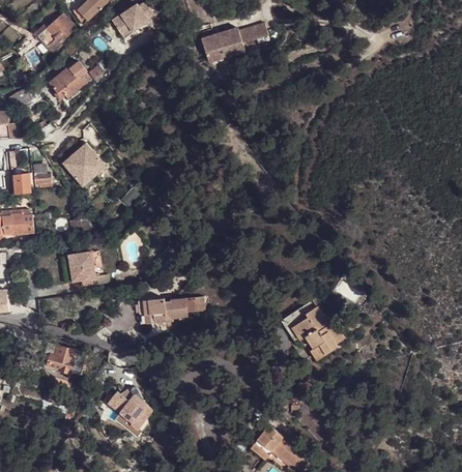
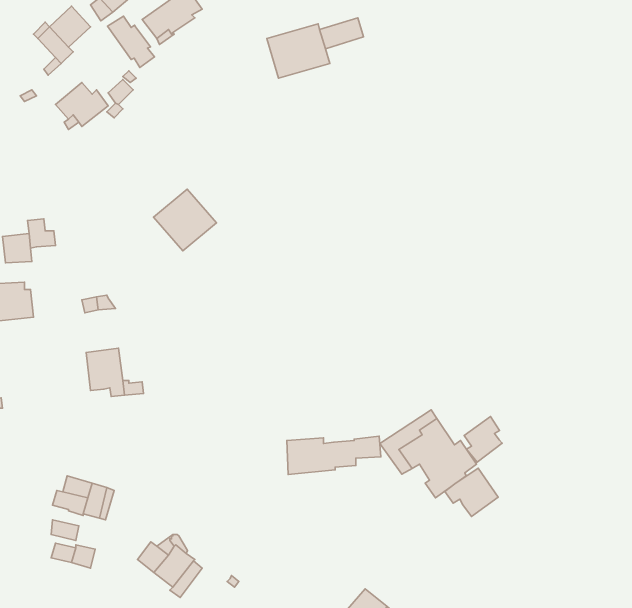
building: none -> [108,16,155,67]
building: [60,144,105,187] -> [153,189,217,251]
building: [138,297,204,324] -> [287,436,381,474]
building: none -> [464,417,502,462]
building: none -> [445,468,498,516]

